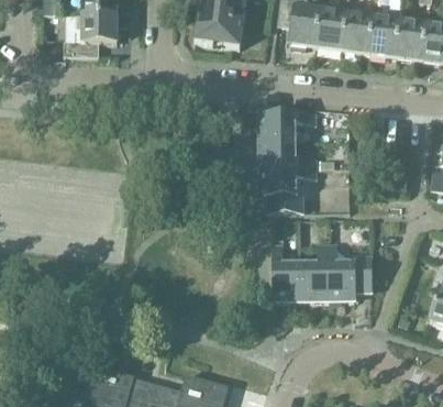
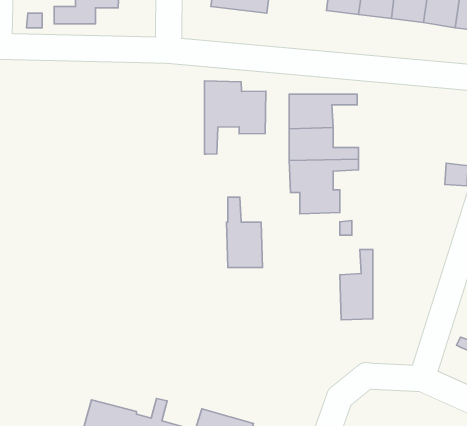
building: none -> [205,81,266,154]
building: [272,241,301,299] -> [227,197,262,267]
building: [328,241,372,298] -> none

